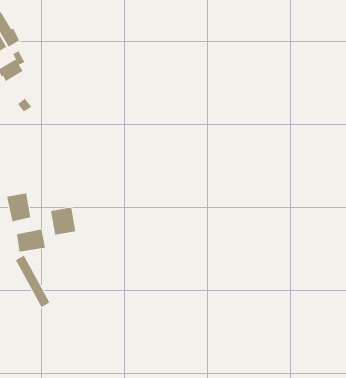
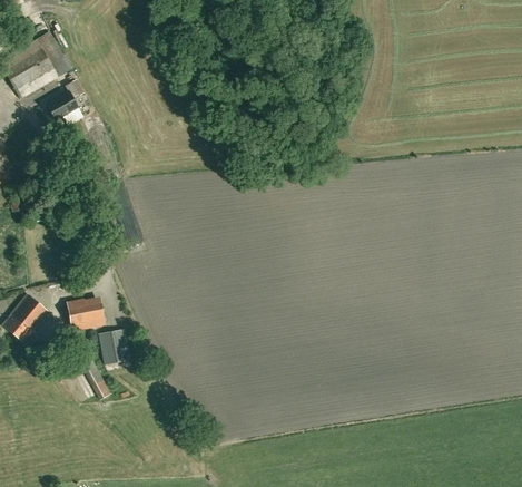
building: [6,192,31,222] -> none
building: [50,206,76,235] -> [98,328,130,363]

